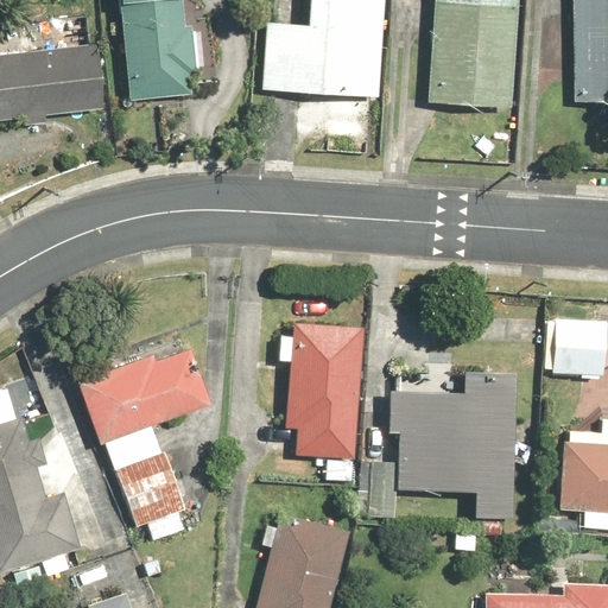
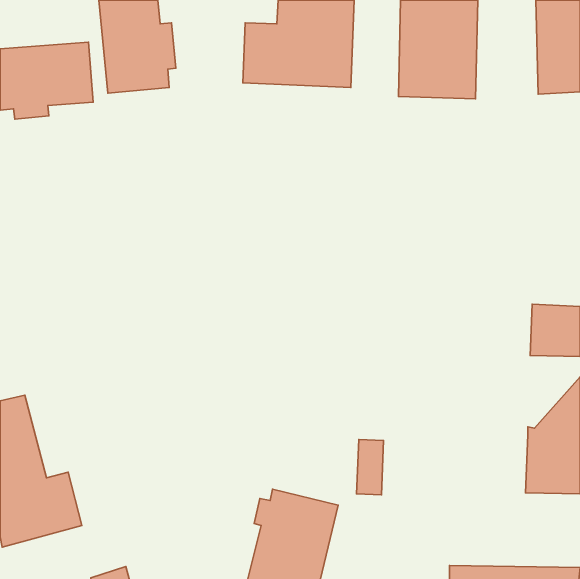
building: [283,324,367,482] -> none
building: [82,342,217,527] -> none
building: [394,370,522,518] -> none

